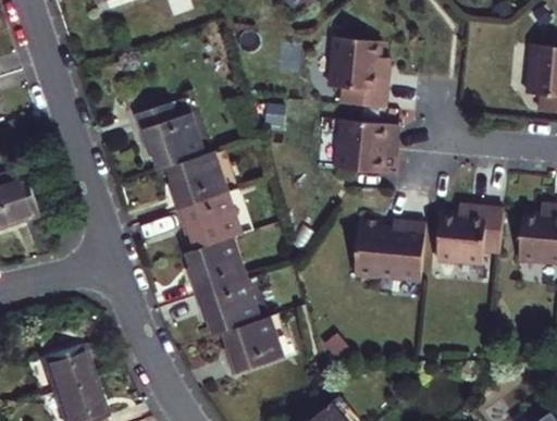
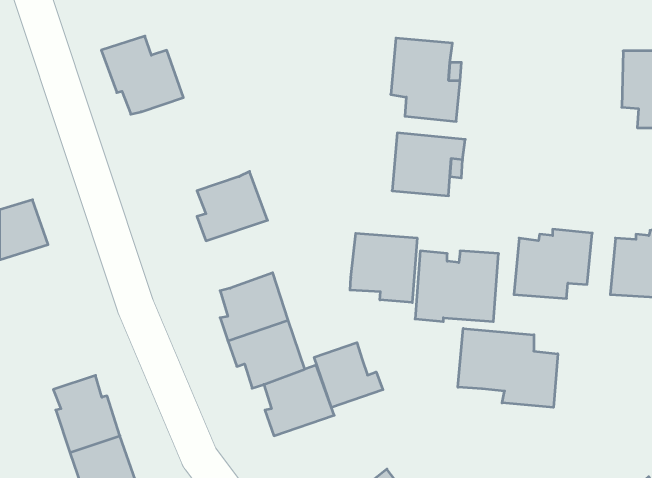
building: [134,104,203,171] -> [101,36,183,114]
building: [175,194,242,251] -> none
building: none -> [350,233,417,303]
building: none -> [458,328,558,407]
building: none -> [314,343,383,408]

